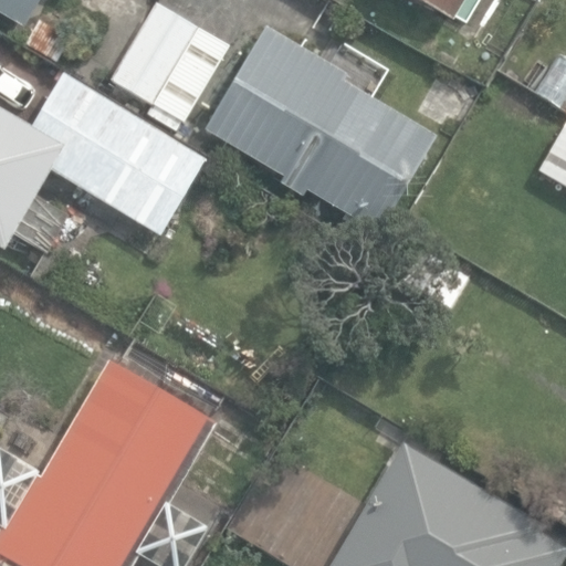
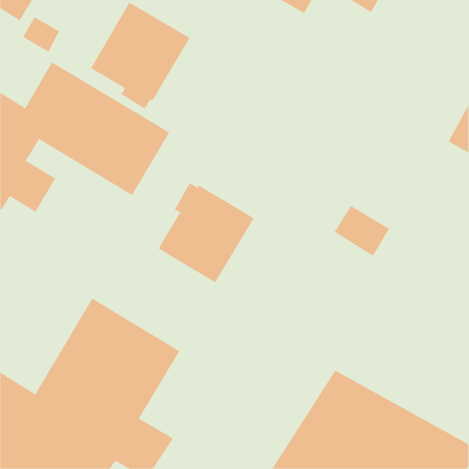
building: [207,27,436,230] -> none
building: none -> [158,182,255,283]

